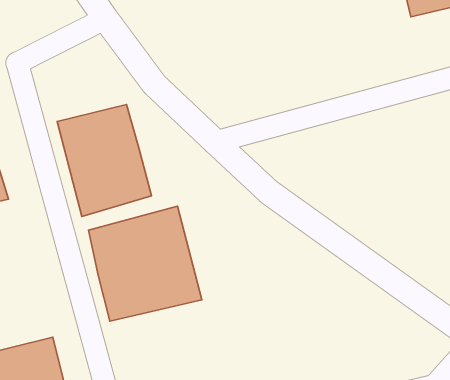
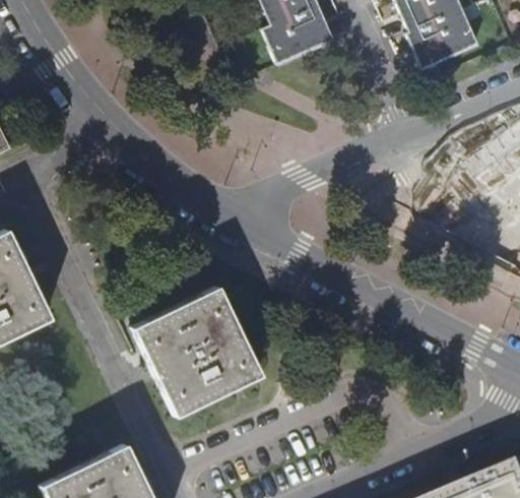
building: [57,104,152,216] -> none

